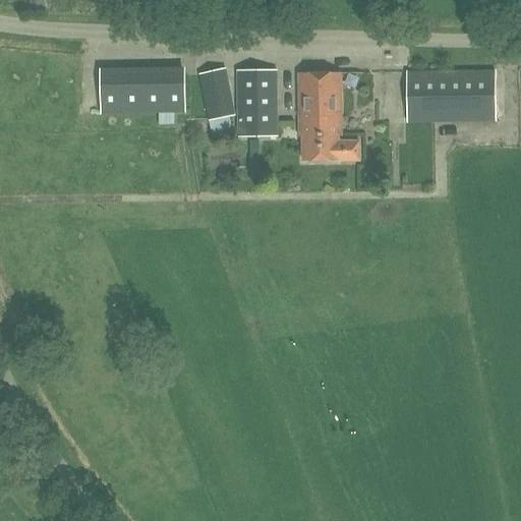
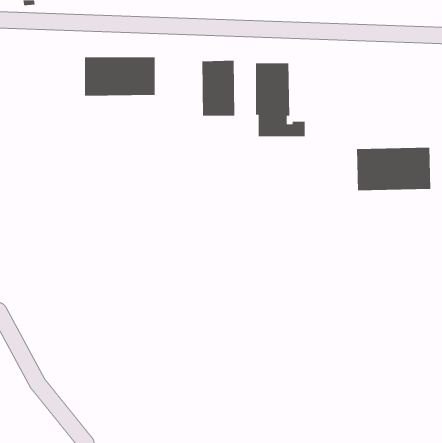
building: [198,68,233,120] -> none
building: [406,70,494,122] -> [356,147,431,191]

